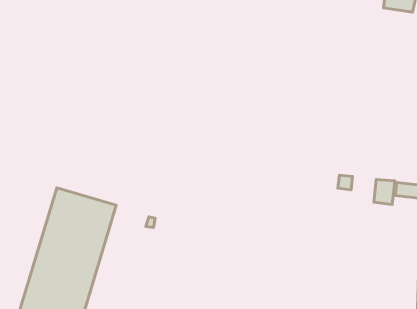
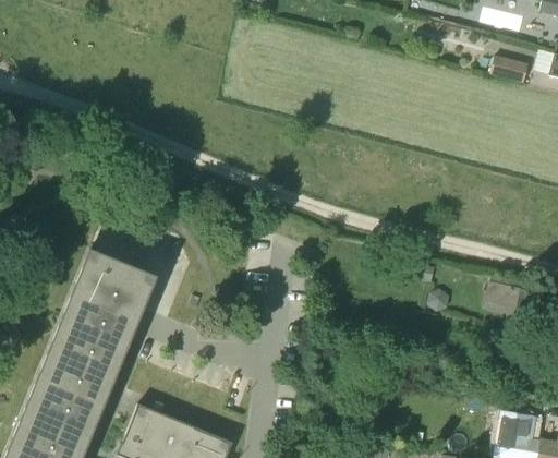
building: [374,179,395,204] -> none

